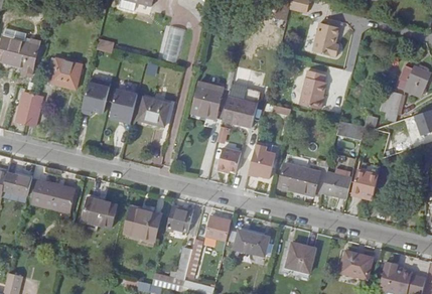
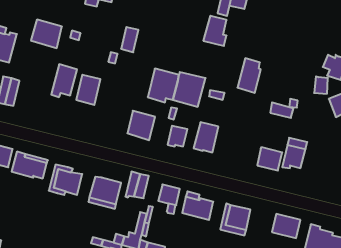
building: [311,22,338,57] -> [203,16,227,46]
building: [46,56,83,90] -> [31,20,62,48]
building: [139,98,171,132] -> [127,111,155,140]
building: [279,163,325,197] -> none

